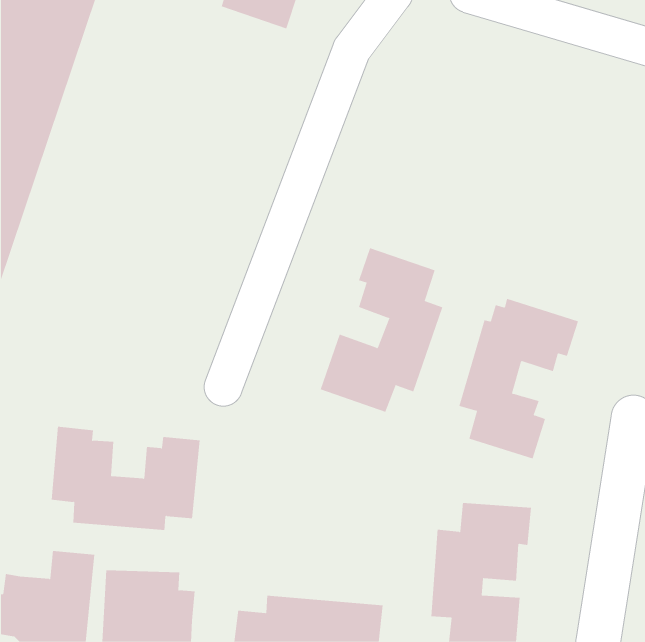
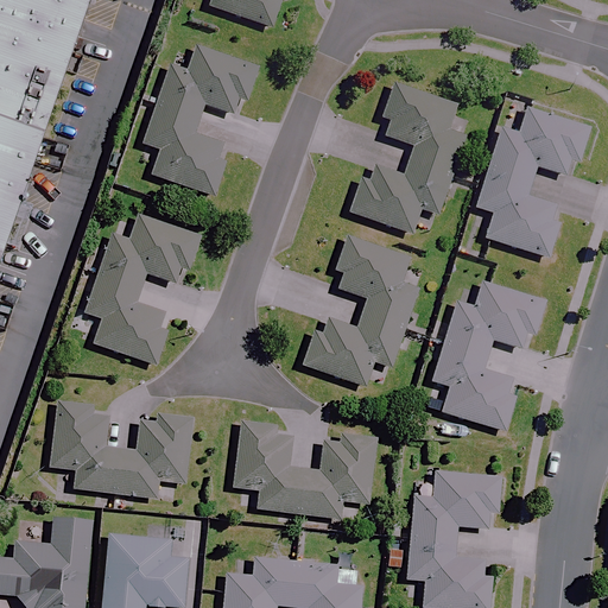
building: none -> [142,46,258,195]
building: none -> [352,82,466,234]
building: none -> [477,107,590,256]
building: none -> [86,223,198,367]
building: none -> [235,420,375,517]

